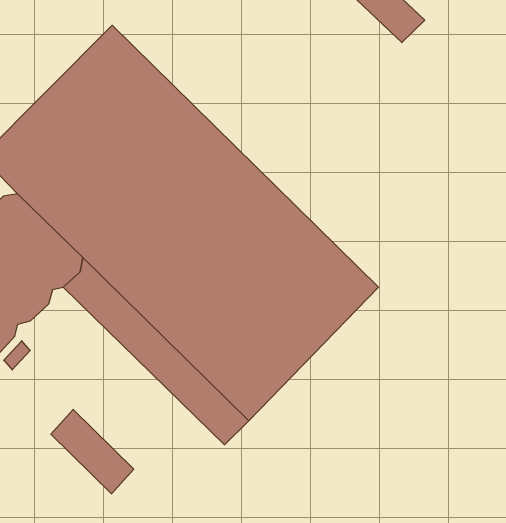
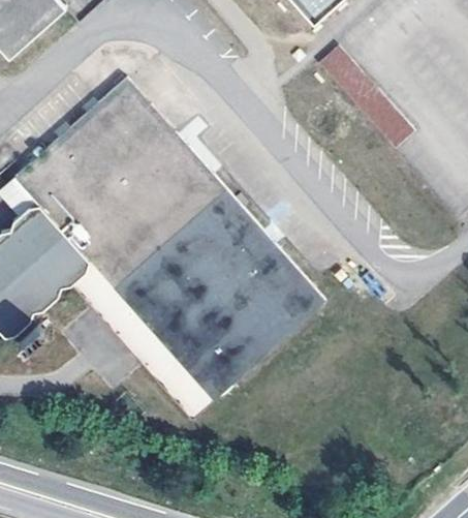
building: none -> [357,90,415,149]
building: [51,409,134,494] -> none

